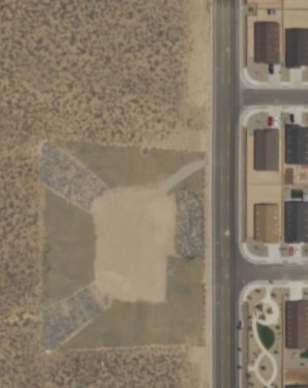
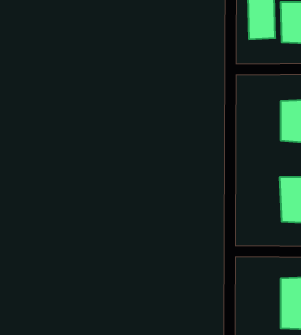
building: [254,129,279,172] -> none
building: [255,204,280,242] -> none

